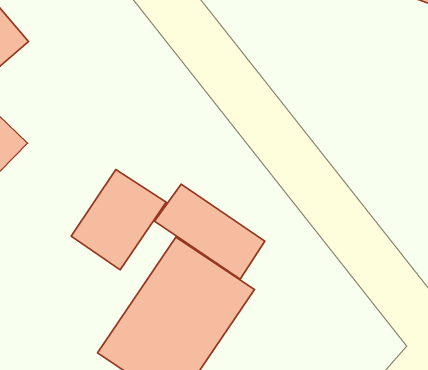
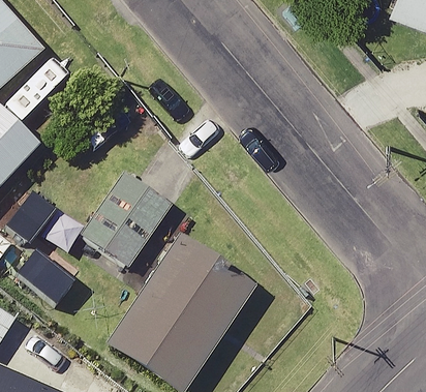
building: [155,184,265,279] -> none

